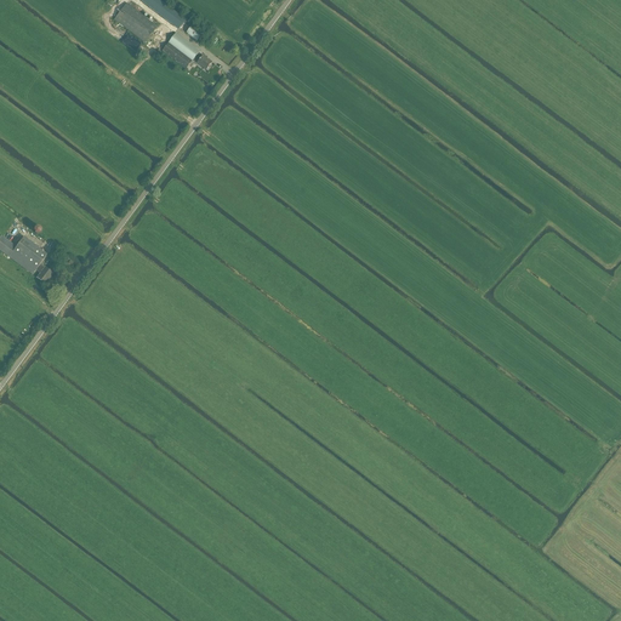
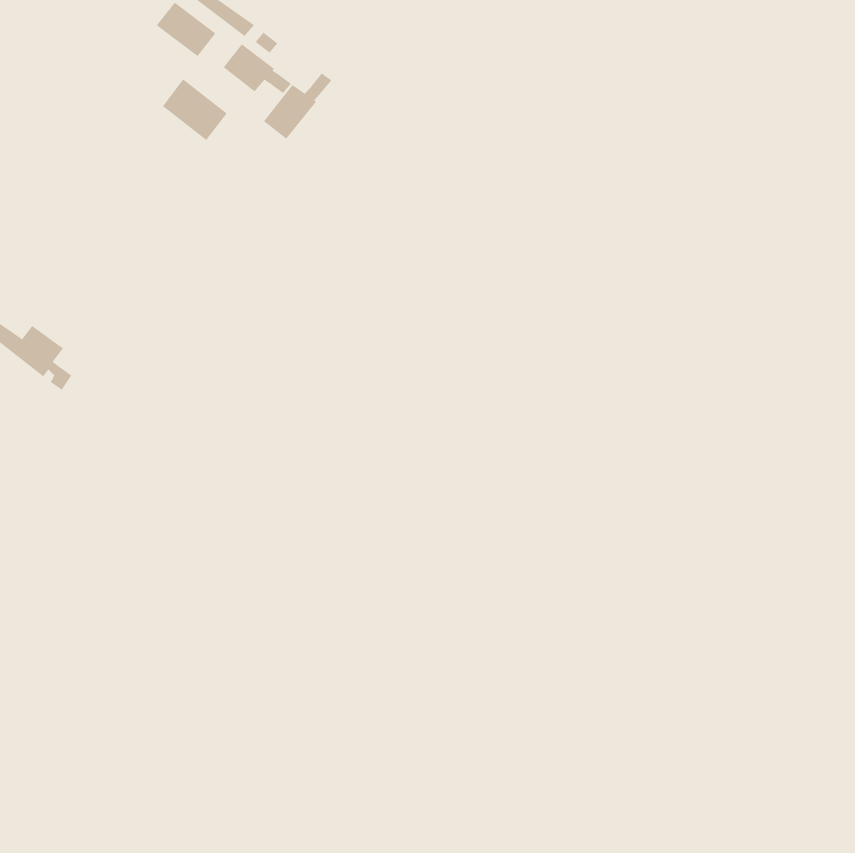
building: none -> [263,73,332,139]
building: none -> [162,79,227,141]

